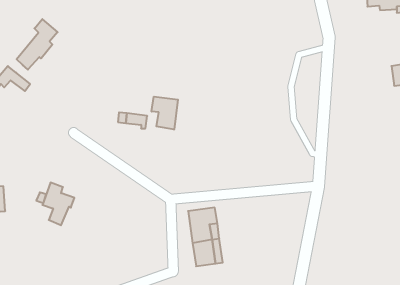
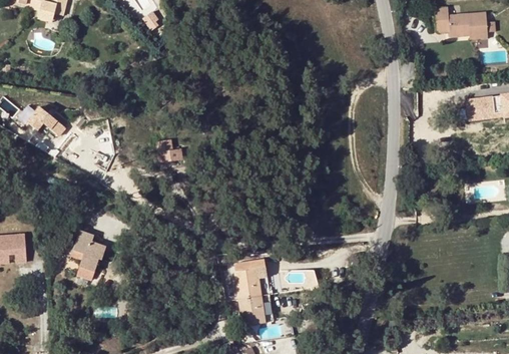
building: [17,19,58,70] -> none
building: [152,97,178,130] -> none

